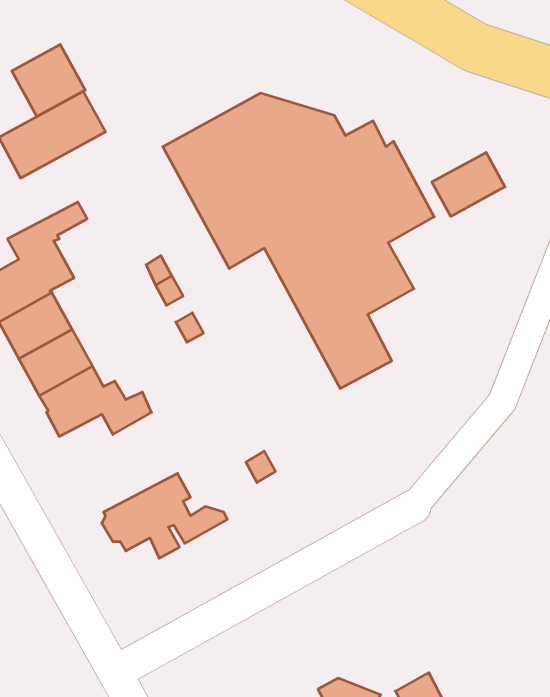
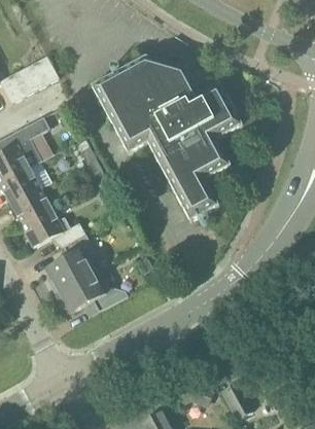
building: [12,44,85,117] -> none
building: [432,152,505,216] -> none
building: none -> [47,234,100,290]

